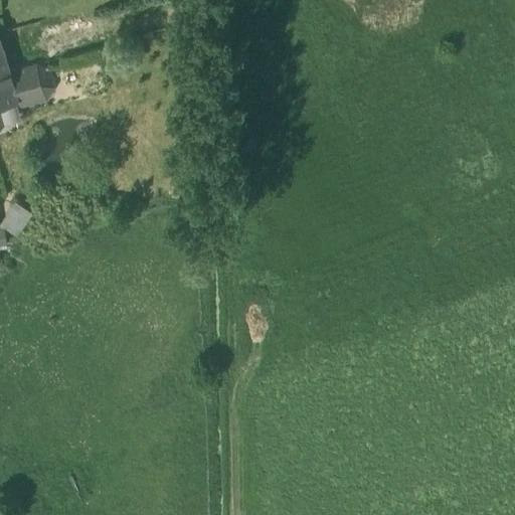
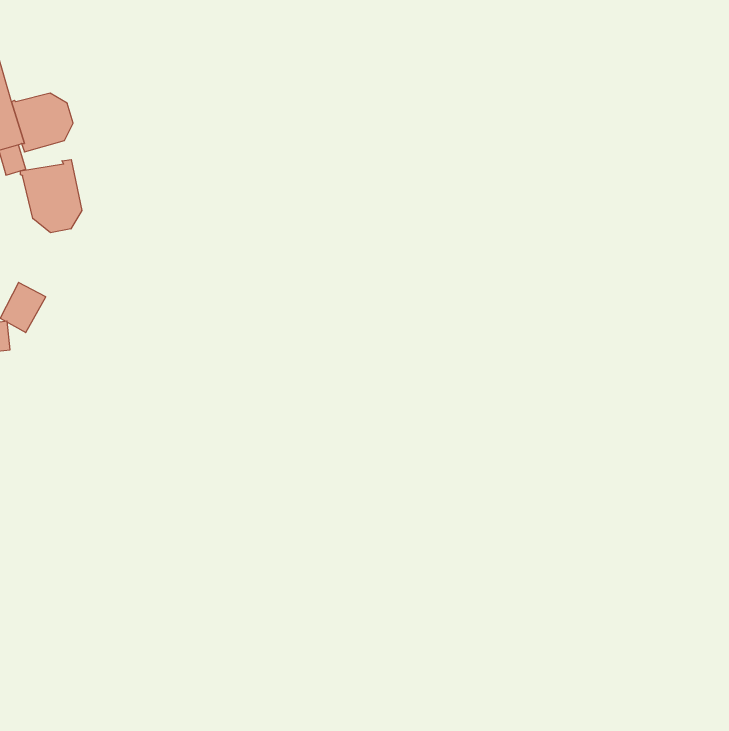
building: none -> [20,160,82,233]

